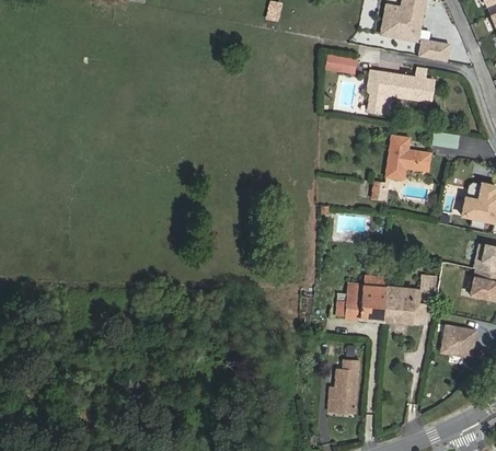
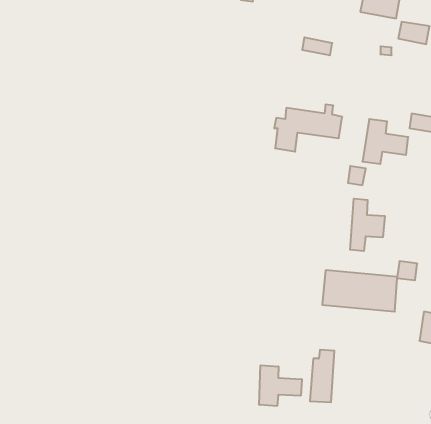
building: [366,69,432,115] -> [274,105,342,152]
building: none -> [350,199,385,251]
building: none -> [259,365,302,406]

